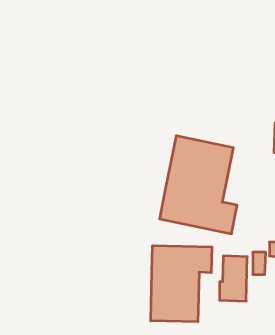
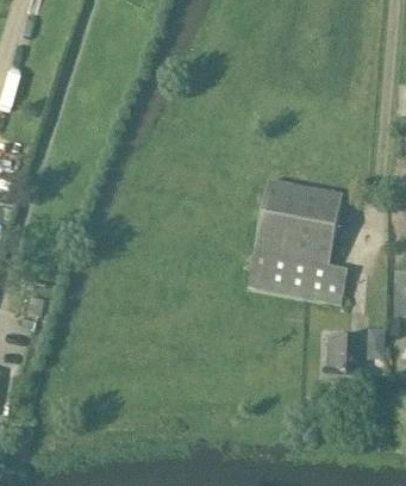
building: [151,246,212,322] -> none

